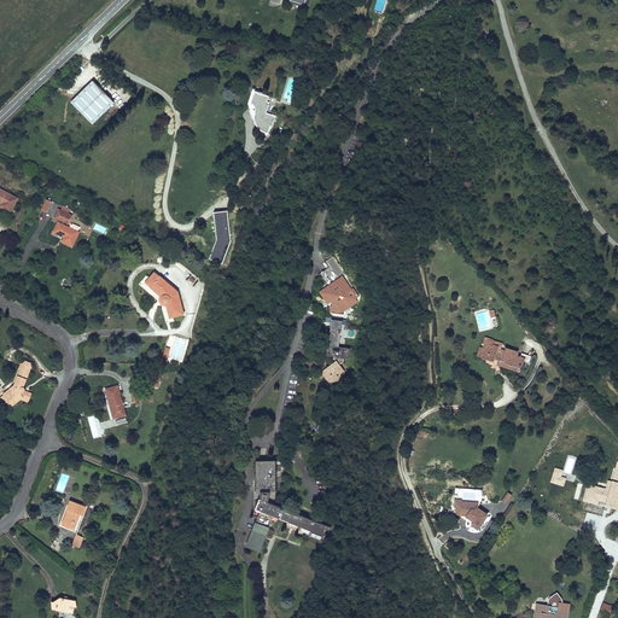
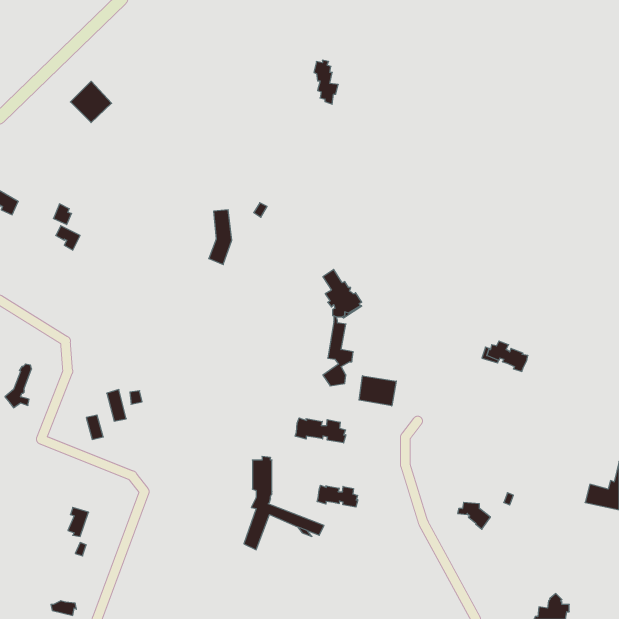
building: [250,93,274,136] -> [314,60,338,104]
building: [138,274,185,325] -> none
building: none -> [359,376,396,406]
building: none -> [295,418,346,443]
building: none -> [317,485,358,507]

